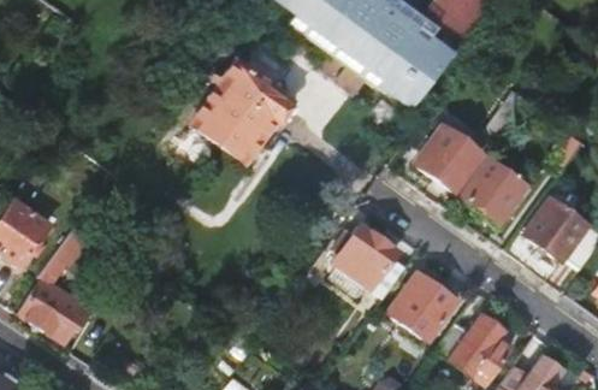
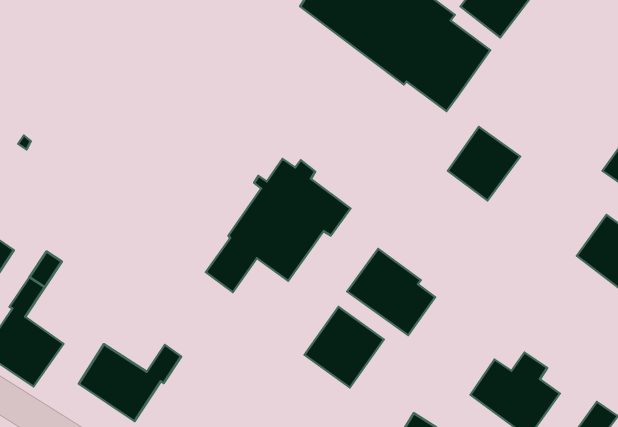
building: [174,60,297,173] -> [206,159,351,292]
building: [462,156,527,221] -> none
building: [390,271,457,339] -> [304,307,384,388]
building: none -> [79,344,181,421]

